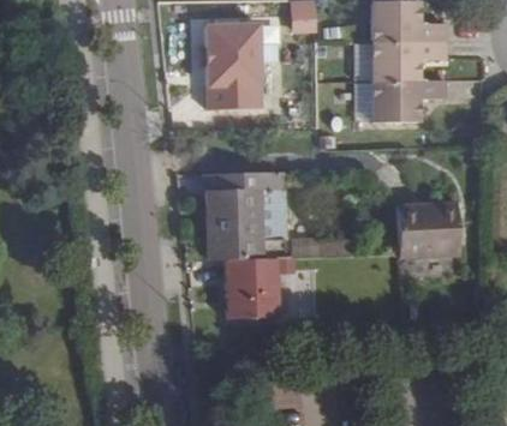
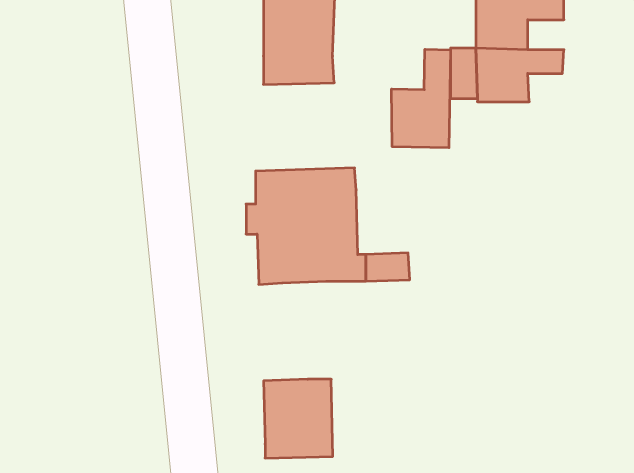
building: none -> [392,49,451,148]
building: [399,202,460,254] -> none
building: [227,258,280,318] -> [264,379,333,458]

